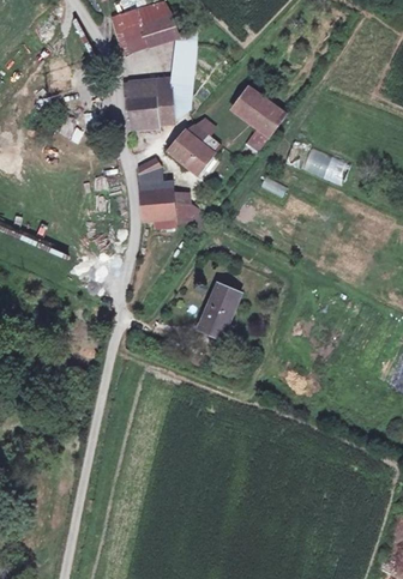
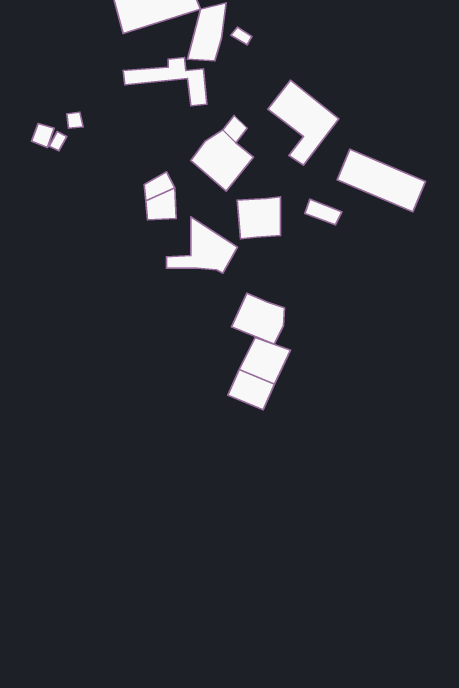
building: [124,88,174,126] -> none
building: [140,191,173,222] -> [237,197,281,239]
building: none -> [232,293,285,344]

